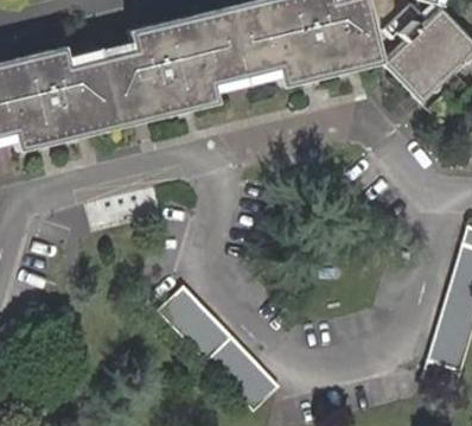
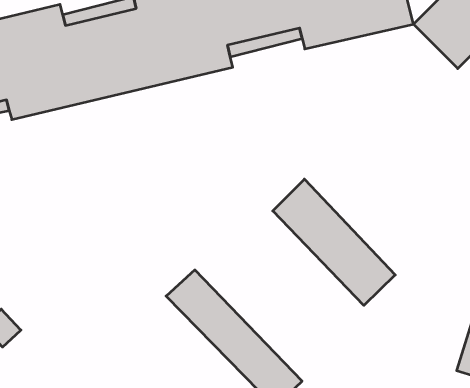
building: none -> [273,179,395,305]

